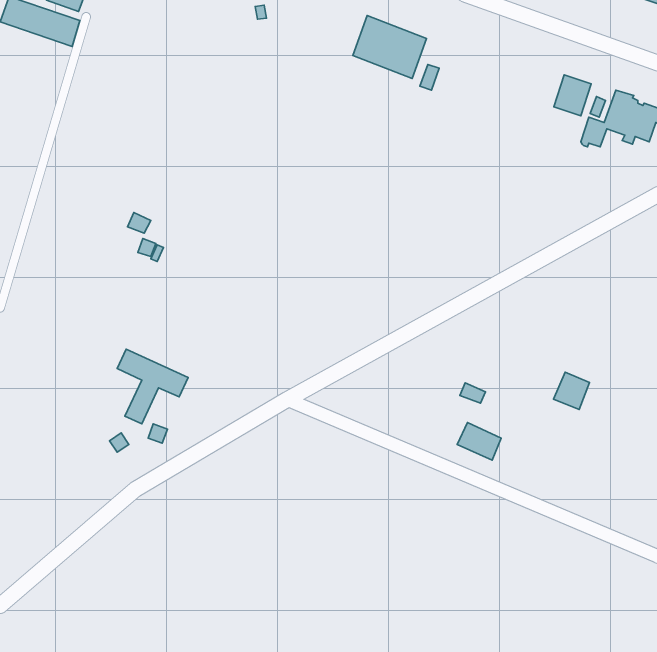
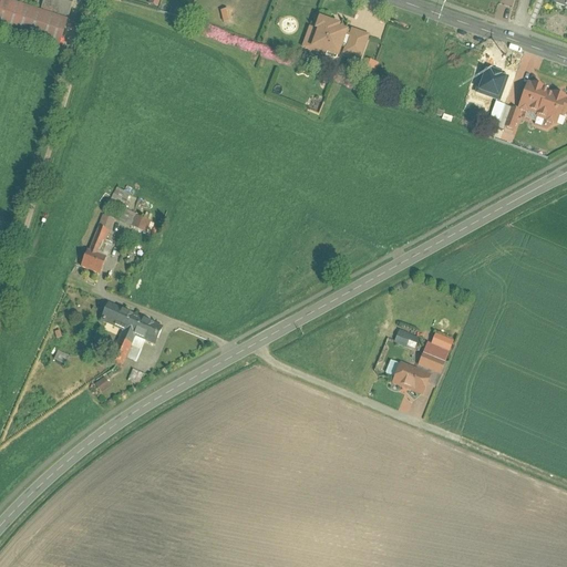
building: none -> [81,221,111,270]
building: [553,372,589,410] -> [419,340,450,372]

